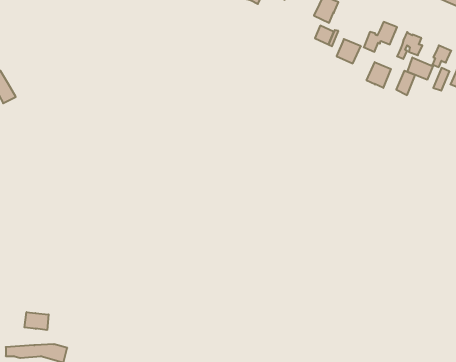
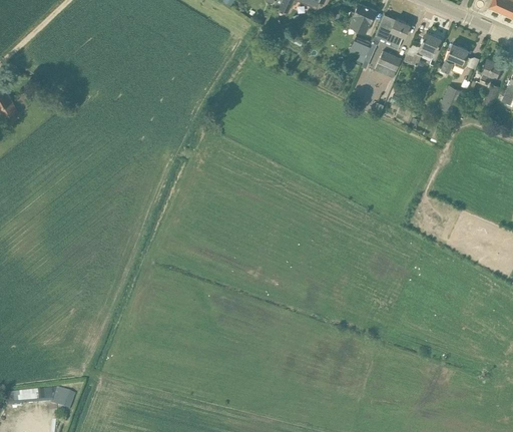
building: none -> [376,14,411,48]
building: [407,57,433,80] -> none
building: [367,62,391,88] -> none
building: [24,312,49,330] -> none

